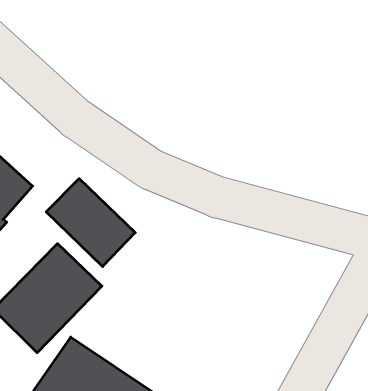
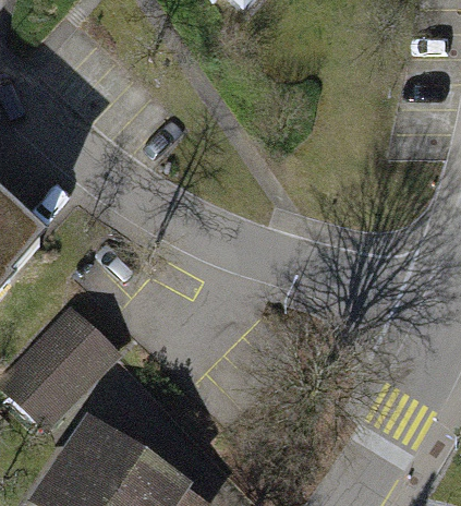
building: [46,179,135,267] -> none

